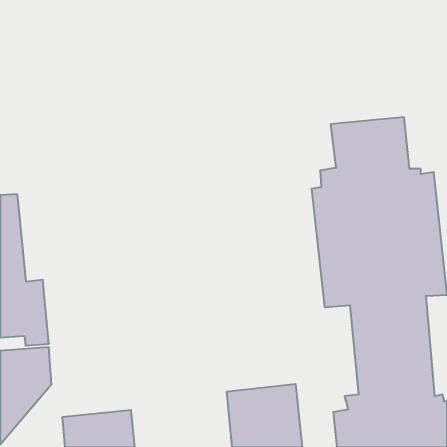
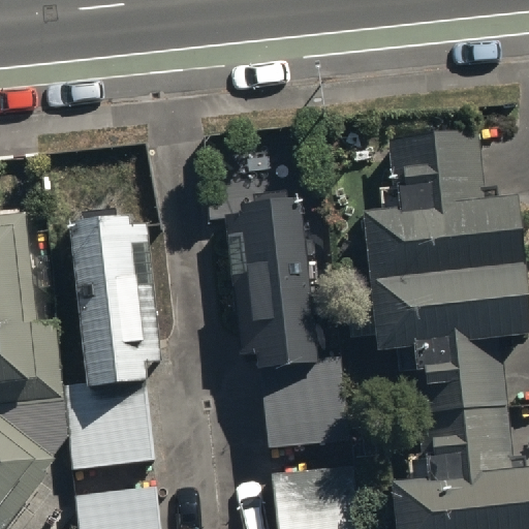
building: none -> [226,201,348,458]
building: none -> [65,220,162,473]

